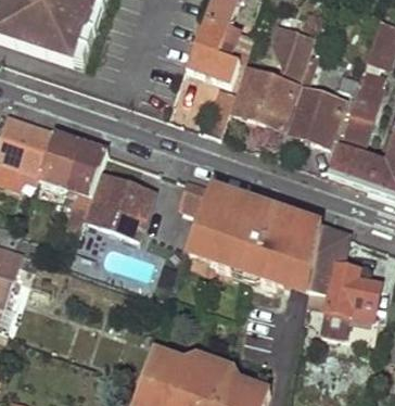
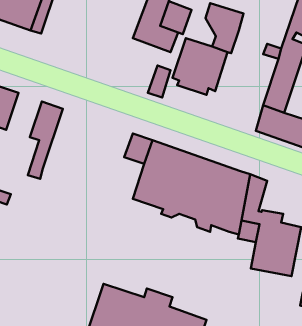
building: [277,58,343,157] -> none
building: [41,129,84,185] -> none
building: [79,172,154,239] -> none

